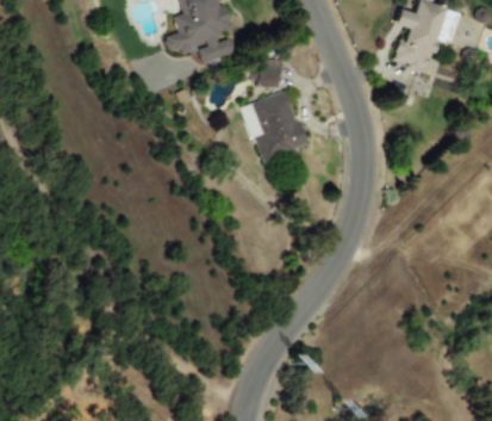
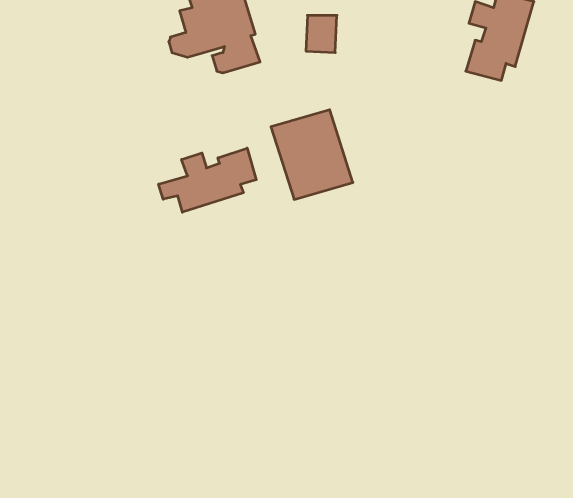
building: [259,60,282,88] -> [306,15,337,53]
building: none -> [159,148,256,212]

